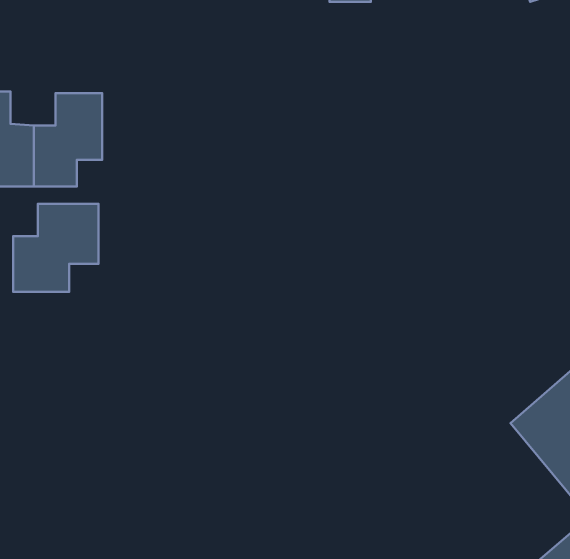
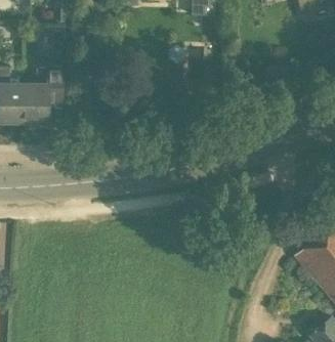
building: [13,204,99,292] -> none

